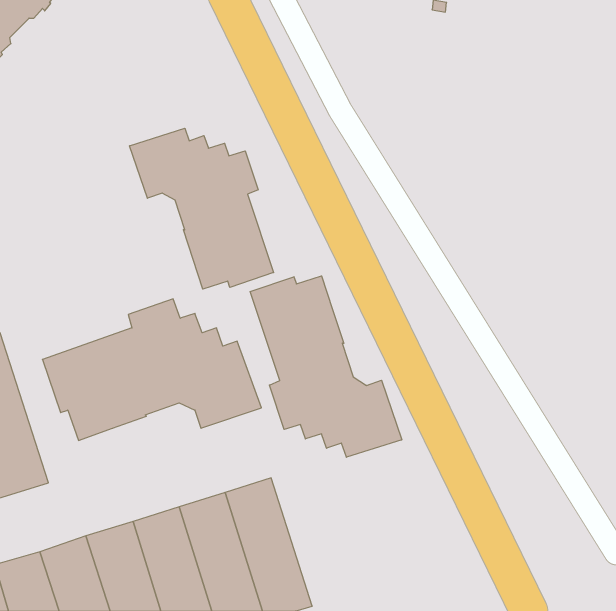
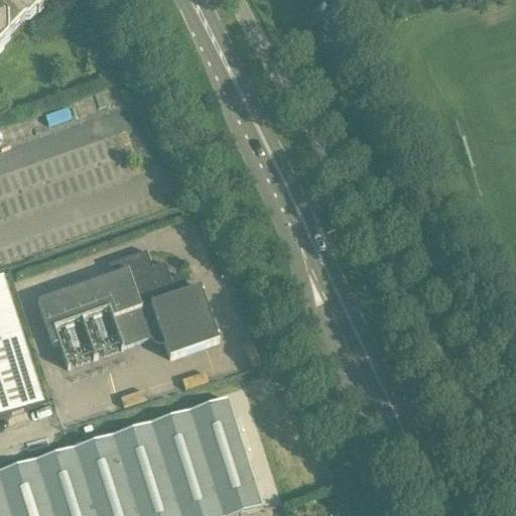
building: [130,128,274,289] -> none
building: [250,276,402,457] -> none

